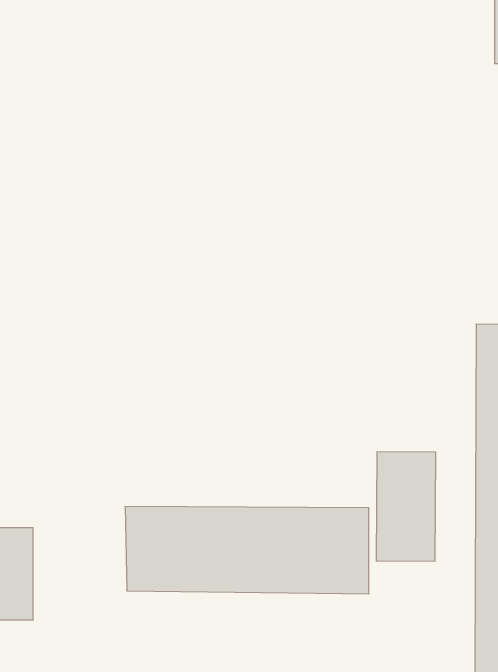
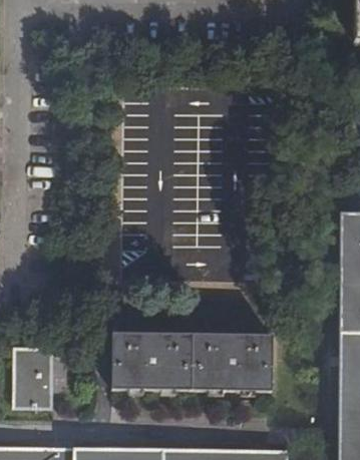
building: [376,452,435,561] -> none

